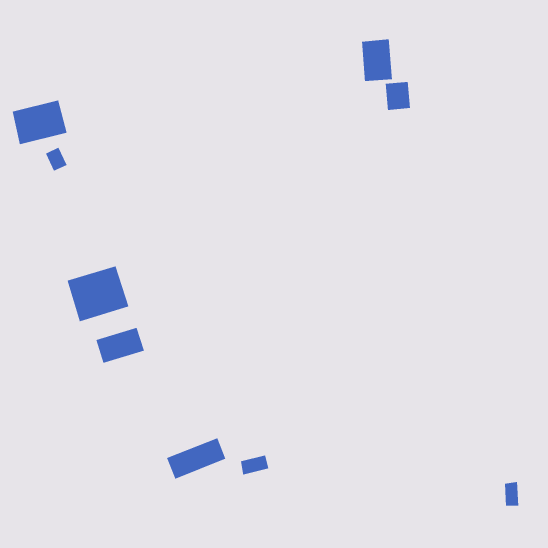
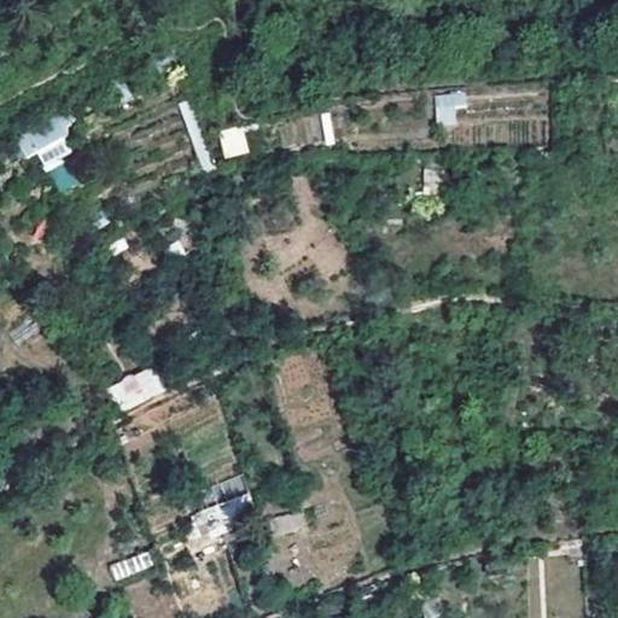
building: [361,38,393,82] -> none
building: [67,265,129,322] -> none

